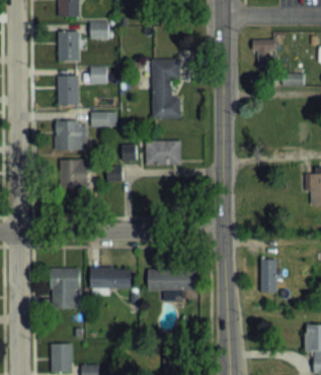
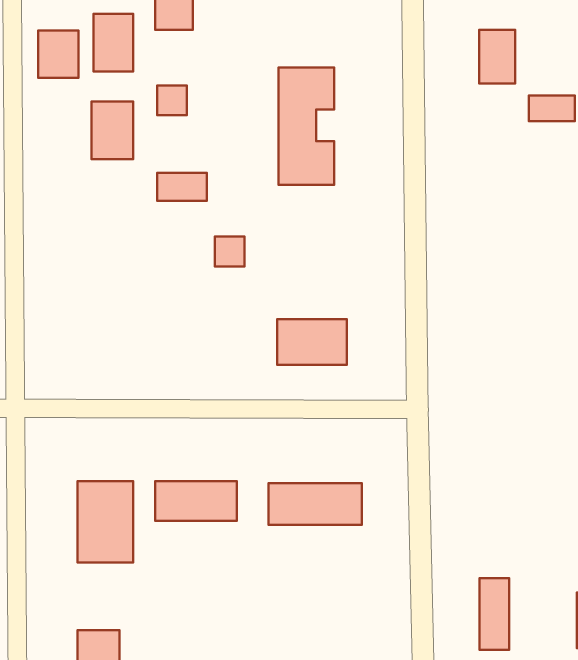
building: none -> [38,31,79,78]
building: [56,121,86,150] -> none
building: [146,140,181,164] -> [277,319,347,365]
building: [59,160,88,191] -> none
building: [261,257,276,293] -> [479,578,509,650]

